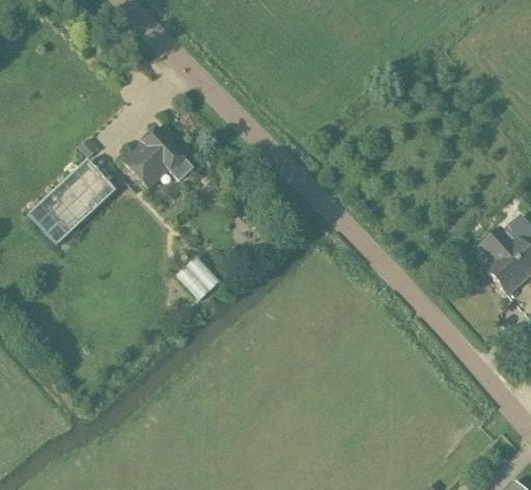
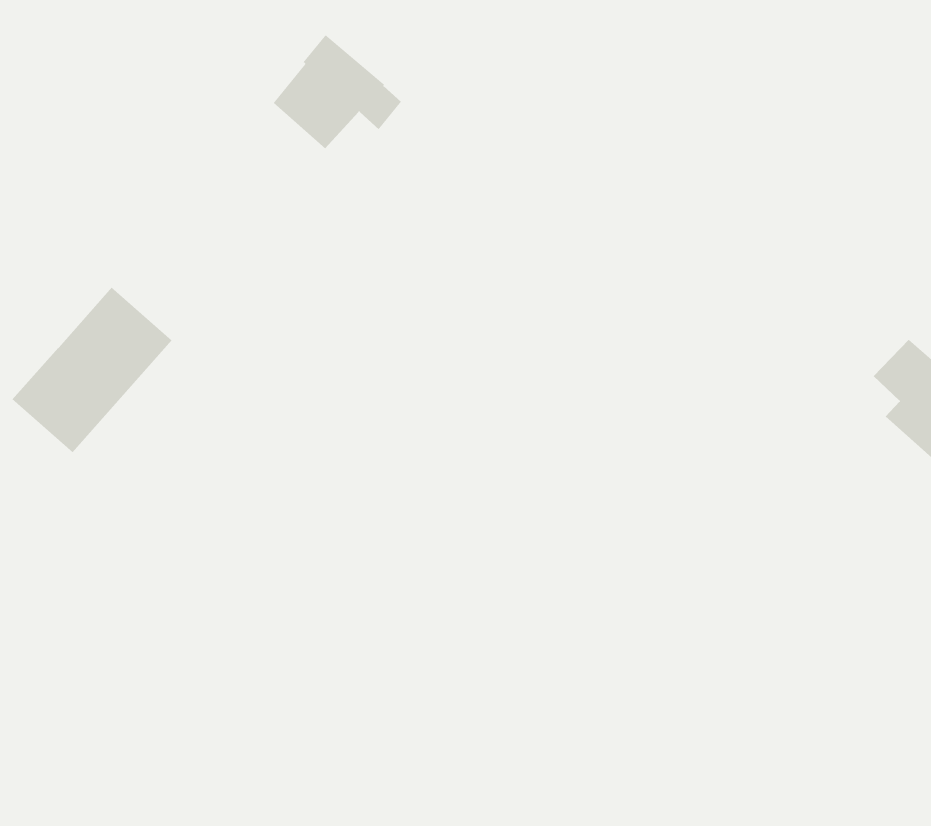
building: [124,126,192,186] -> [273,34,402,149]
building: [175,255,219,299] -> none

